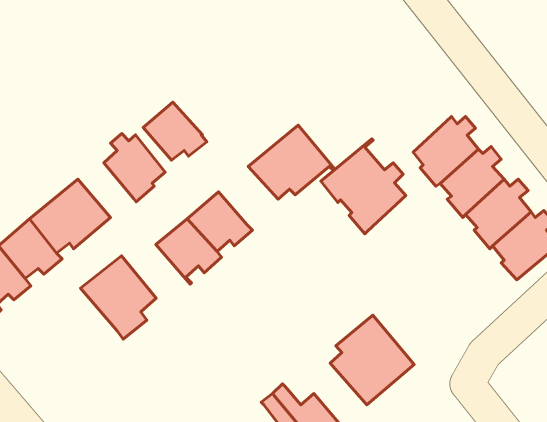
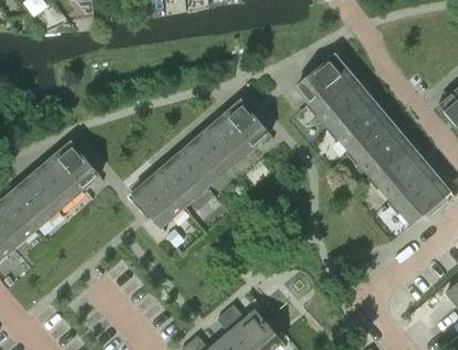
building: [143,102,207,160] -> [183,136,232,180]
building: [104,133,165,202] -> none
building: [321,139,406,234] -> [296,54,362,127]
building: [81,256,156,339] -> none
building: [330,315,414,405] -> none

